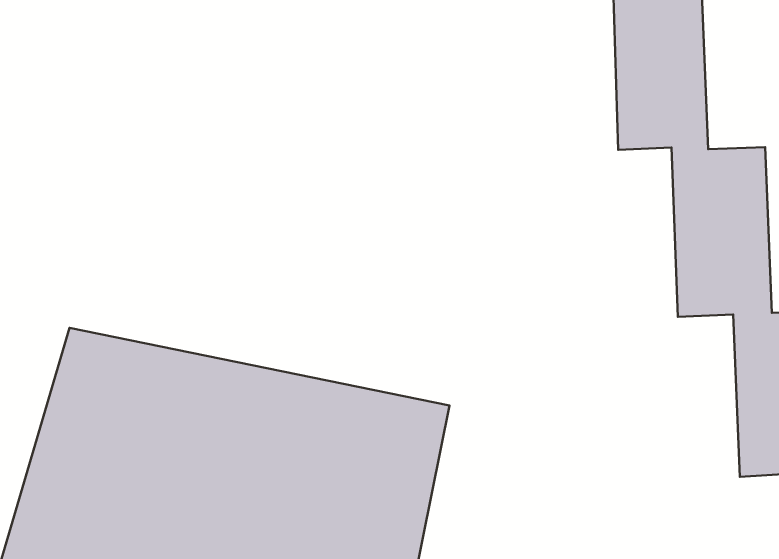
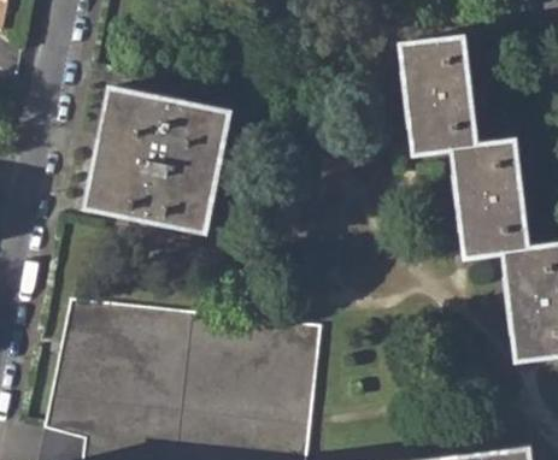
building: none -> [87,88,230,230]

